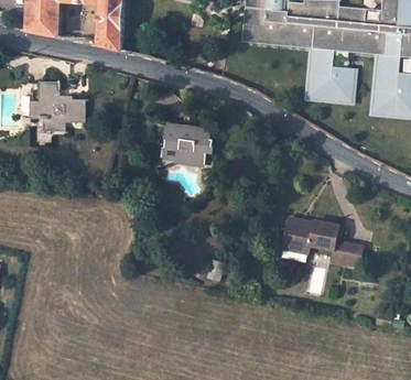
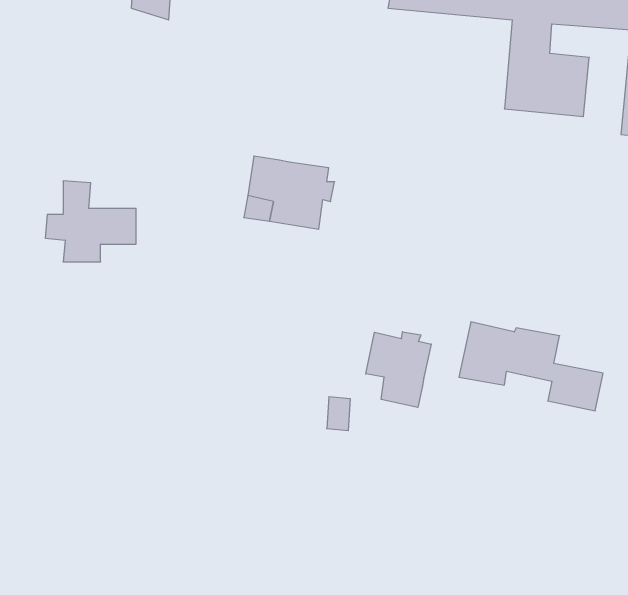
building: [33,84,84,129] -> [45,181,136,262]
building: none -> [366,332,431,407]

